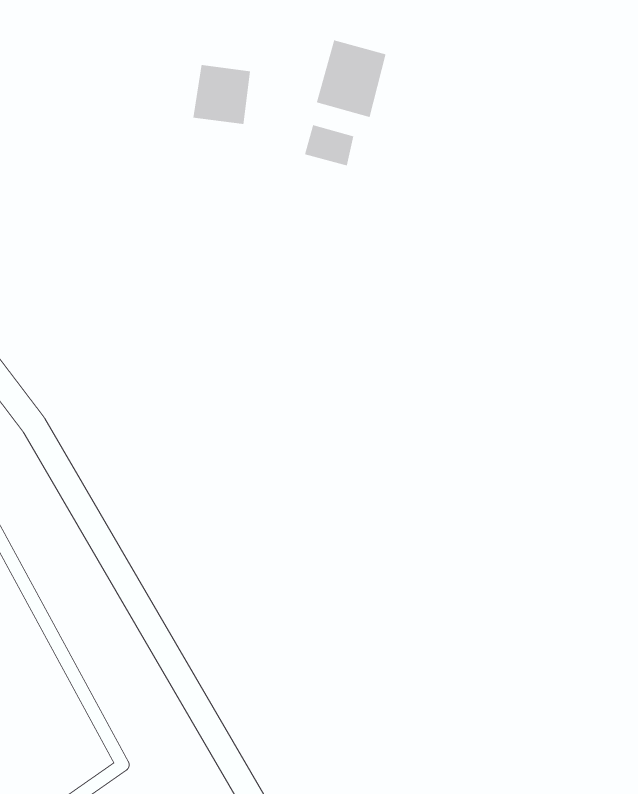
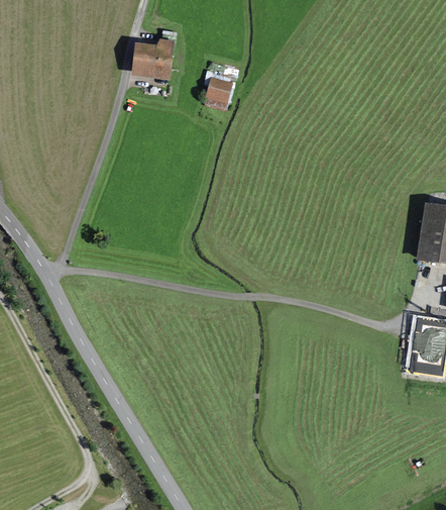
building: [316,40,386,118] -> none

